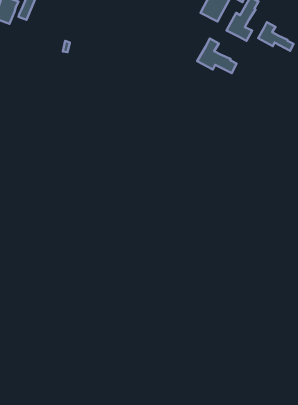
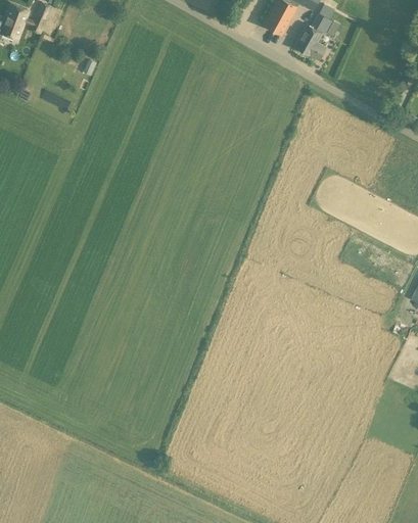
building: [258,22,293,51] -> none
building: [197,39,236,73] -> none

